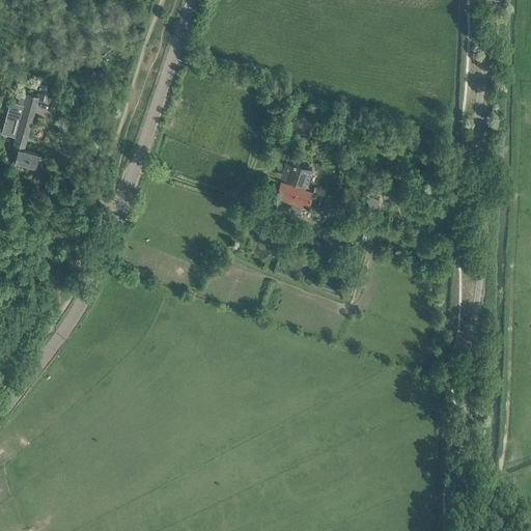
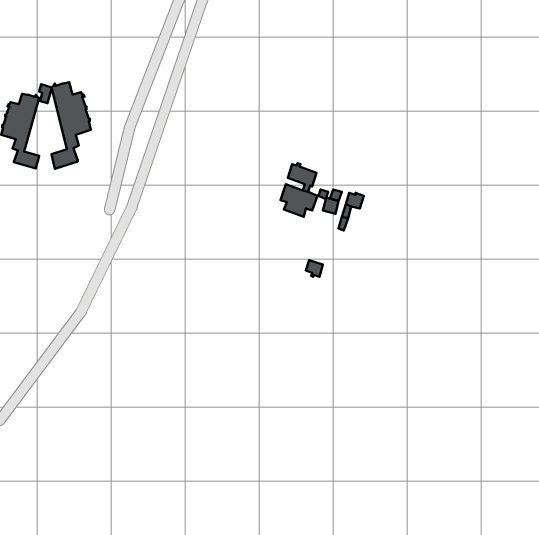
building: none -> [52,82,91,169]

